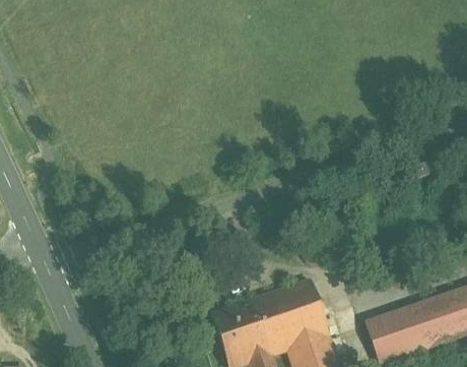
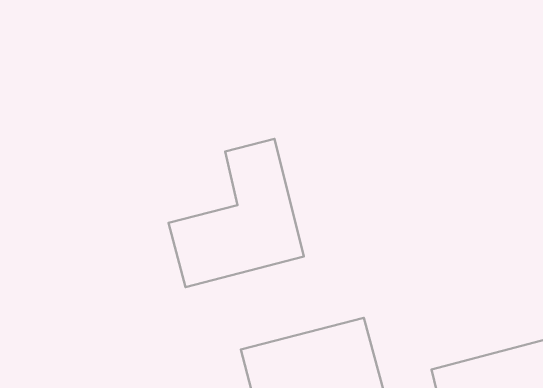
building: none -> [169,139,304,287]

